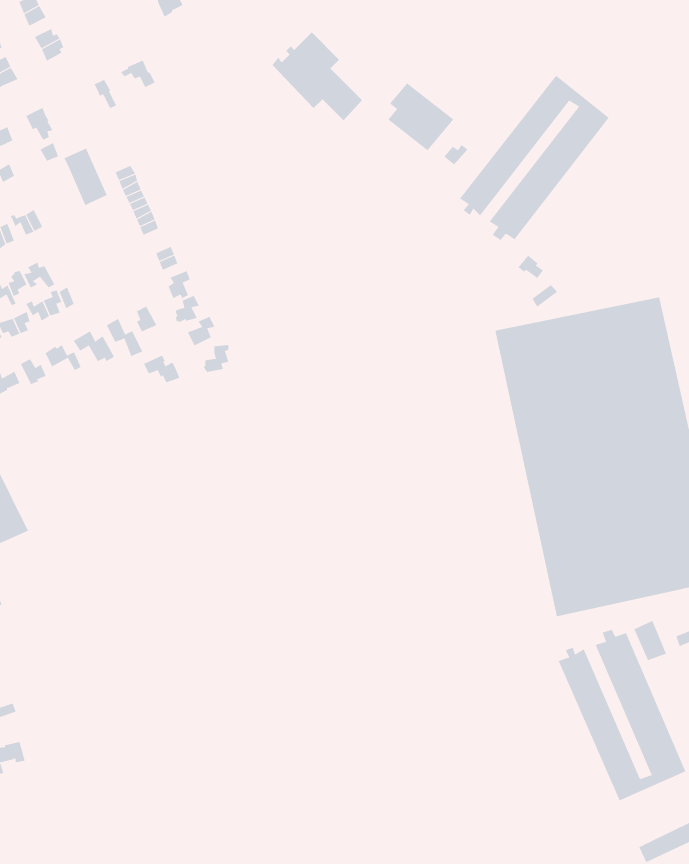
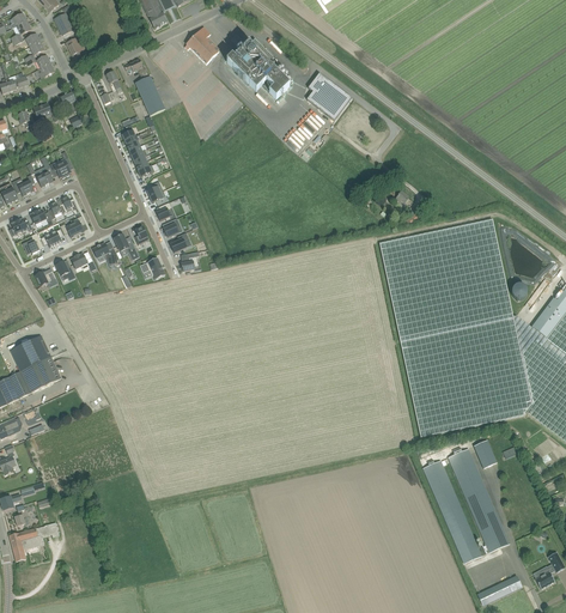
building: none -> [185,26,219,63]
building: [459,75,610,241] -> none
building: [64,148,108,206] -> [135,75,165,115]

